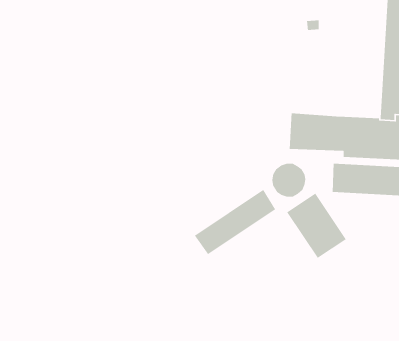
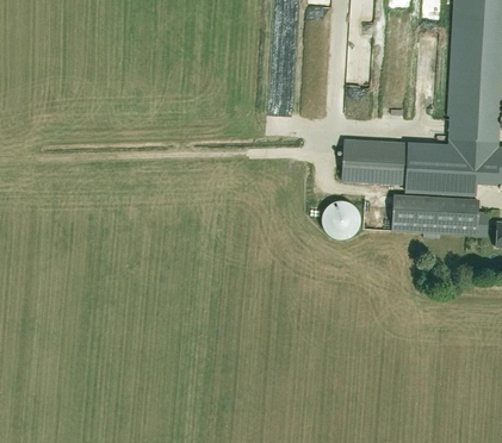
building: [194,189,276,255] -> none
building: [286,192,347,259] -> none

